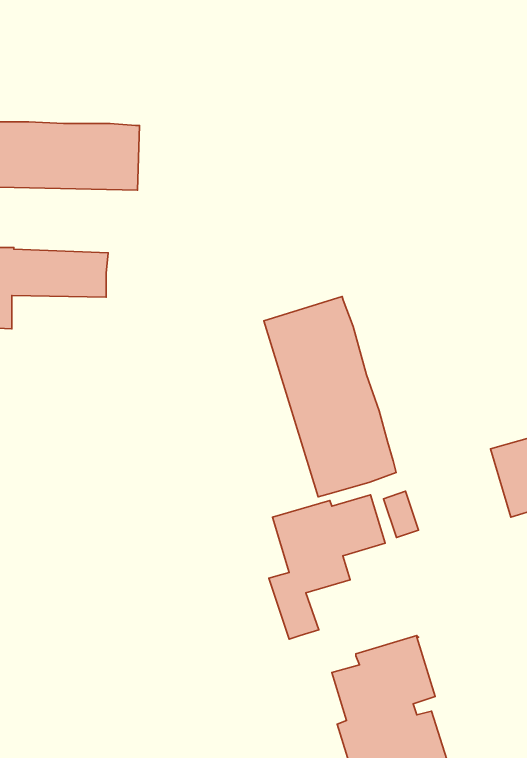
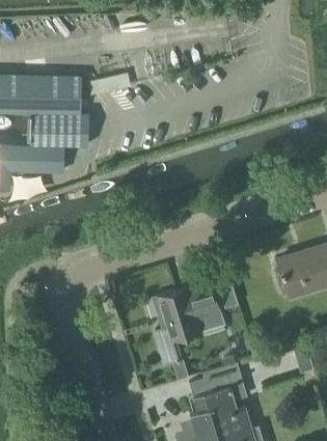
building: none -> [29,113,89,148]
building: [264,296,396,497] -> none

